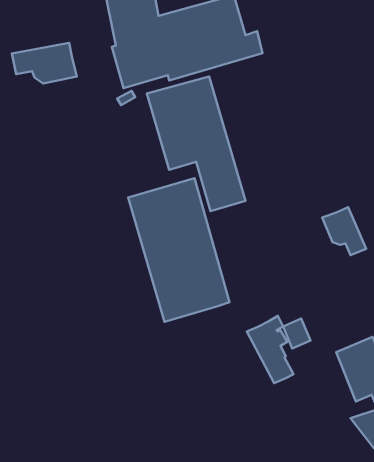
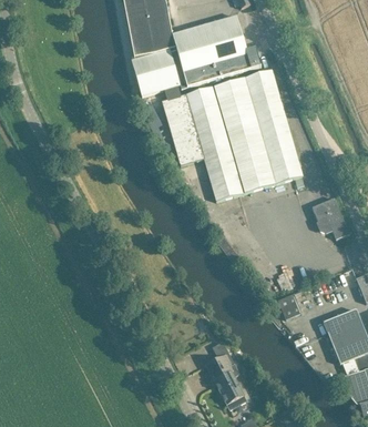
building: [12,43,77,83] -> none
building: [128,178,229,322] -> [215,69,301,192]
building: [247,316,294,383] -> [206,350,246,408]

